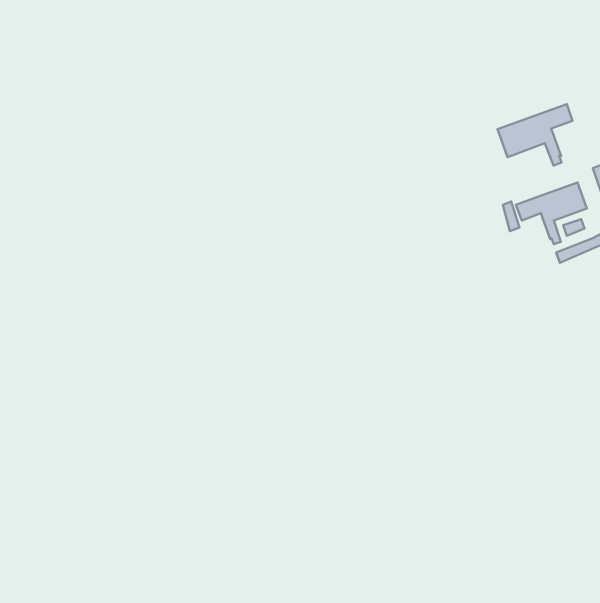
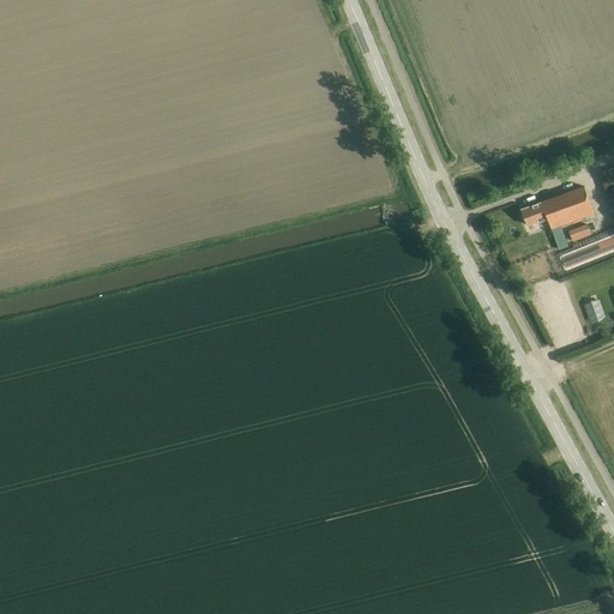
building: [497,104,572,165] -> none

